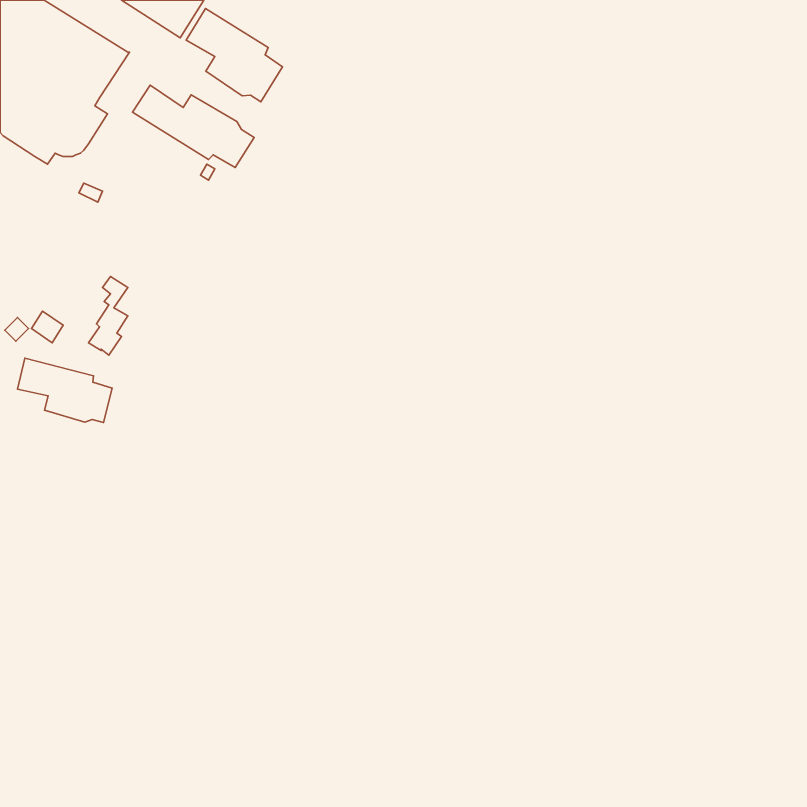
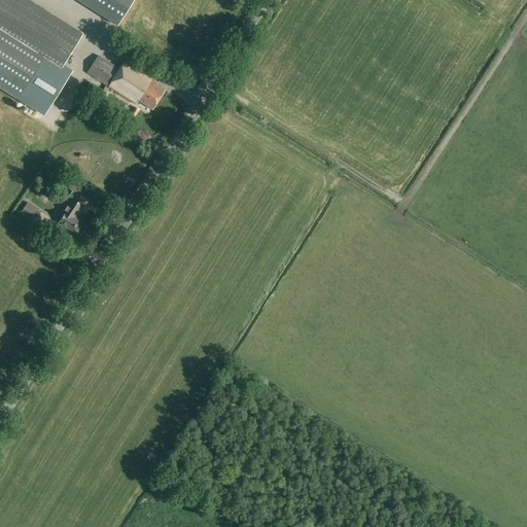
building: [186,8,283,102] -> none
building: [17,358,112,423] -> none

